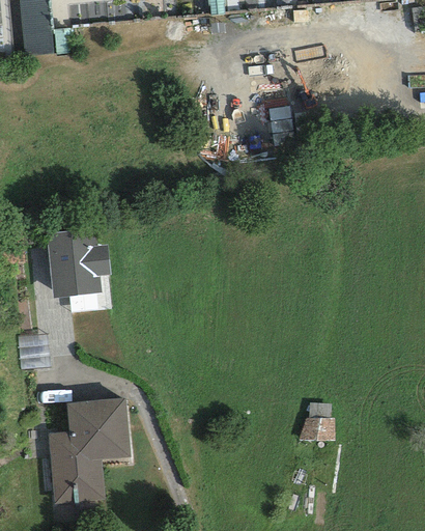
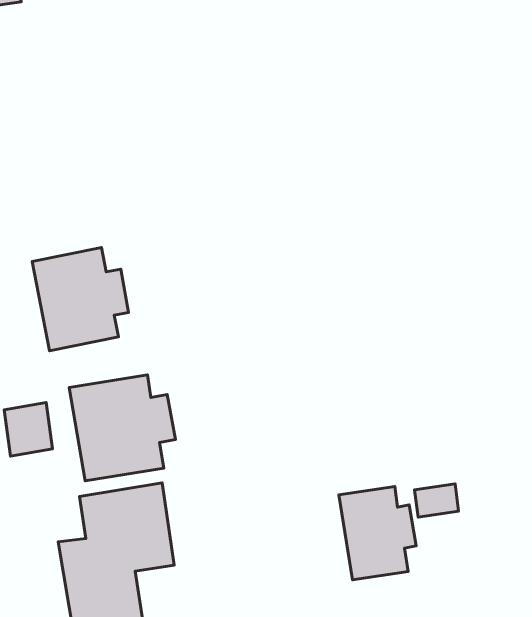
building: none -> [69,375,176,481]
building: none -> [339,486,416,580]

